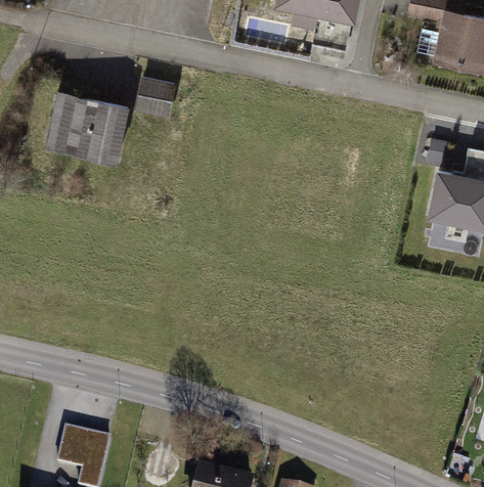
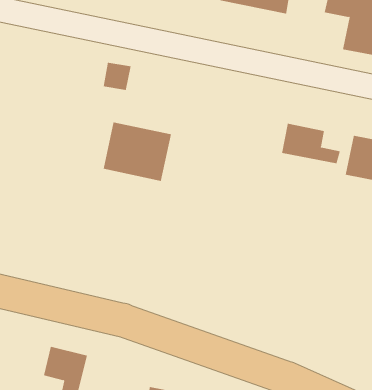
building: [43,93,127,166] -> [103,122,172,181]
building: none -> [282,123,340,164]

